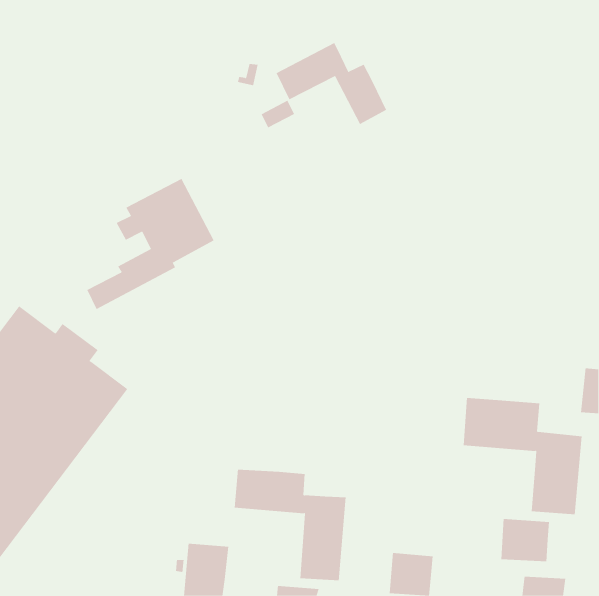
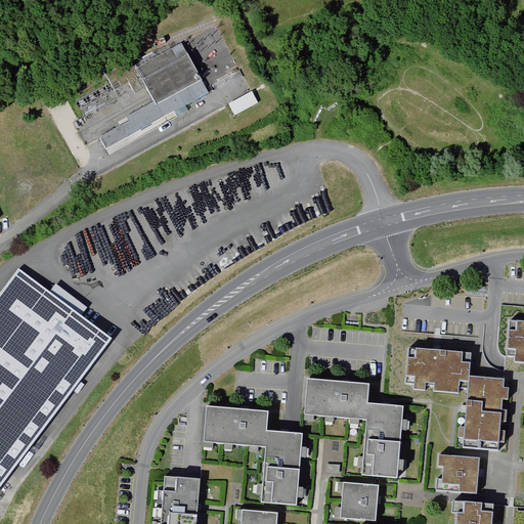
building: [276,42,387,125] -> none
building: [87,178,215,310] -> [98,39,210,154]
building: none -> [303,379,402,475]

